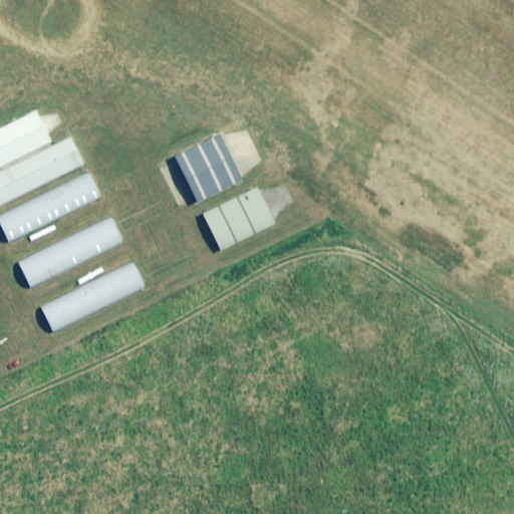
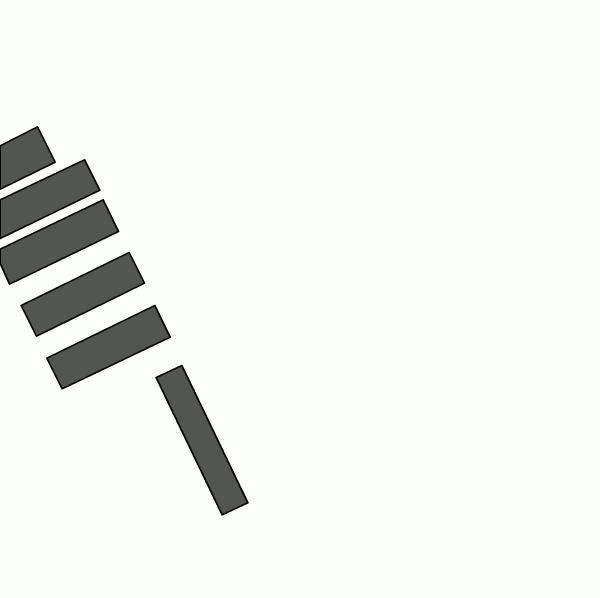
building: [173,133,242,202] -> none
building: [202,185,277,251] -> none
building: none -> [156,365,248,515]

